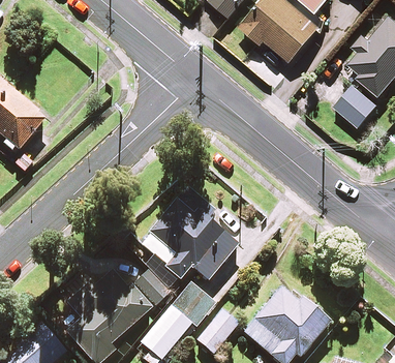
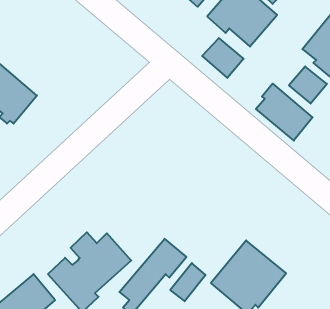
building: none -> [202,38,244,78]
building: none -> [256,84,313,141]
building: [132,187,237,303] -> none

